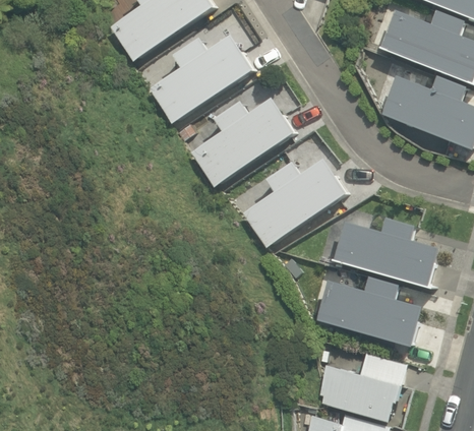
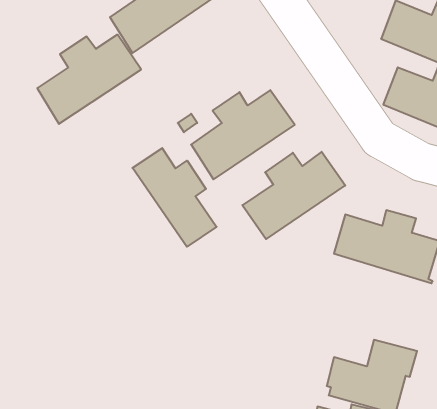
building: [149,36,251,124] -> [37,35,141,124]
building: none -> [132,148,217,247]
building: [314,276,420,347] -> none

